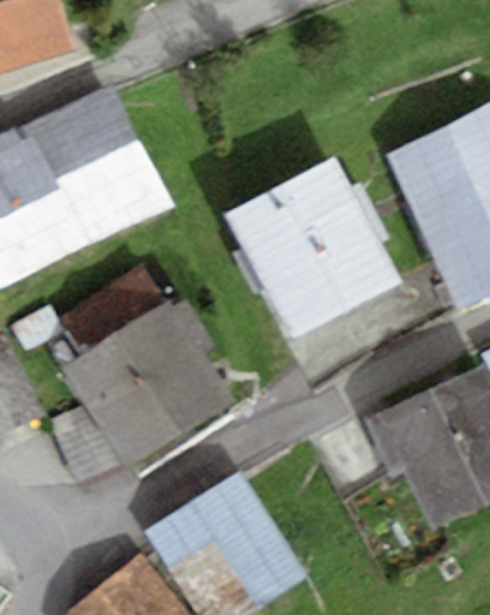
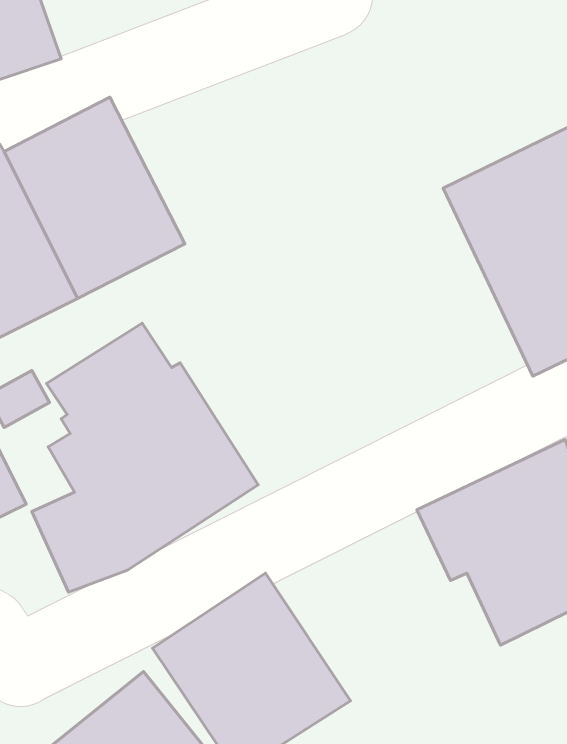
building: [227,156,402,340] -> none

